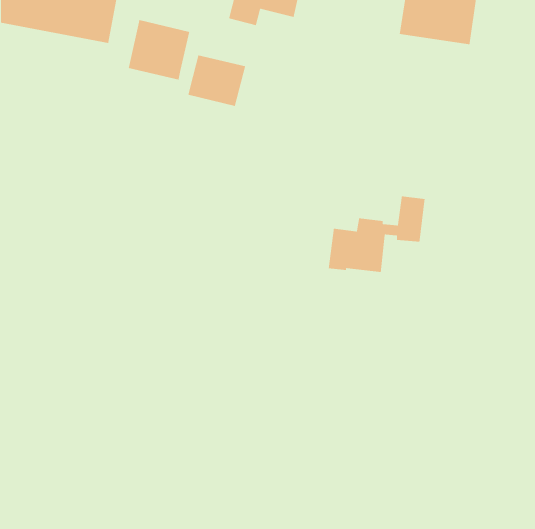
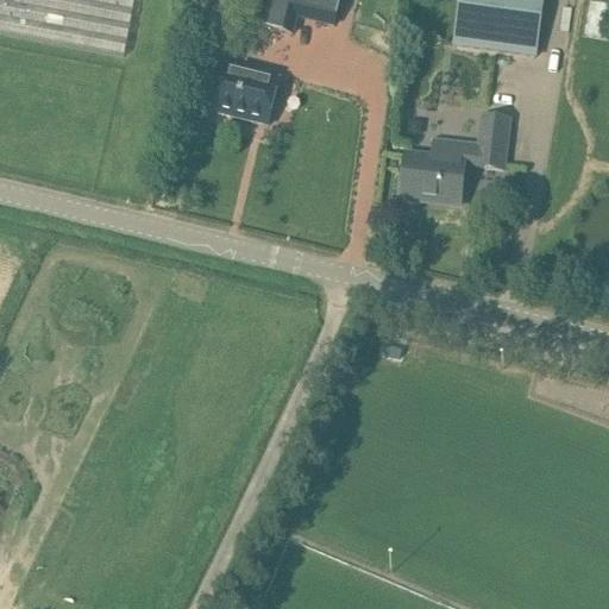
building: [128,19,190,81] -> none
building: [328,195,425,273] -> [400,112,510,200]

